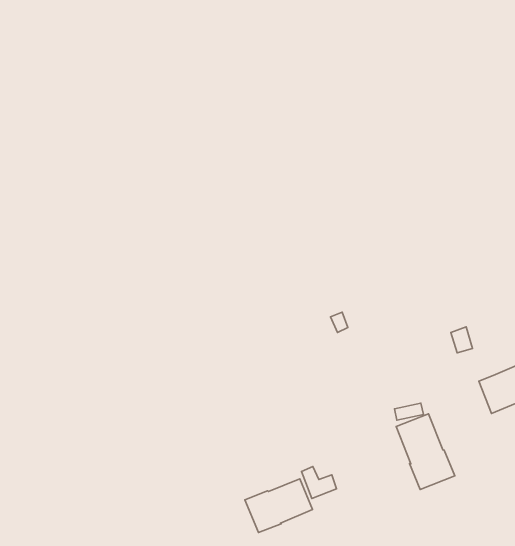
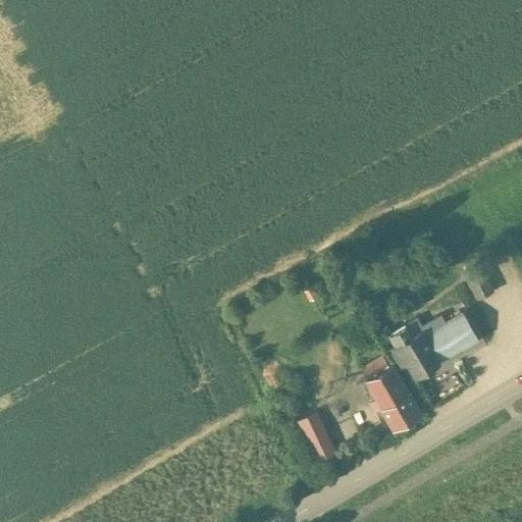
building: none -> [387,322,447,379]
building: [245,479,312,533] -> none

